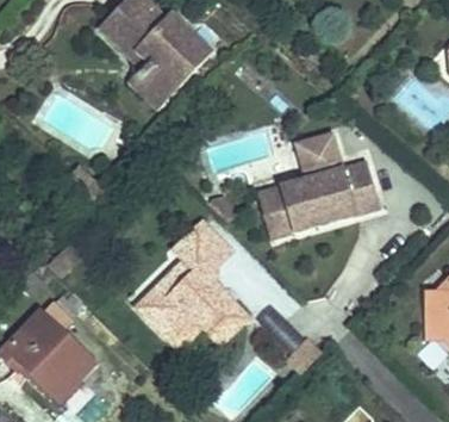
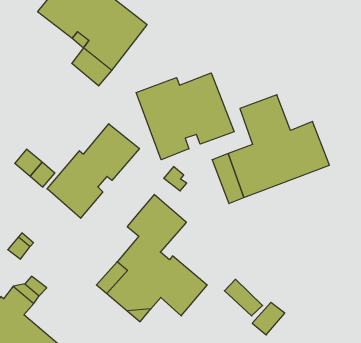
building: none -> [136,73,234,160]
building: none -> [47,124,139,218]

